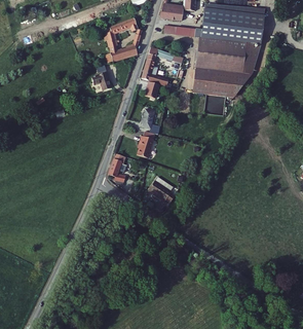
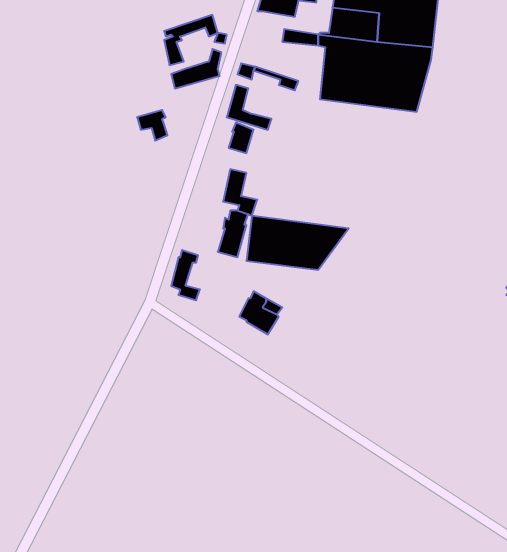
building: [191,68,250,99] -> [246,216,349,270]

